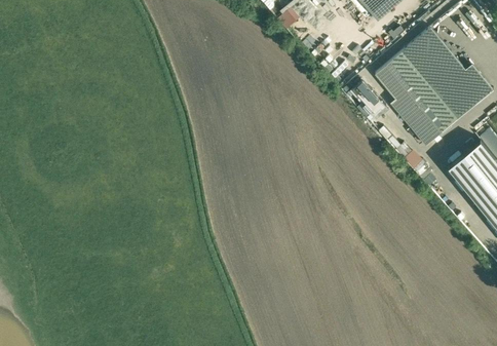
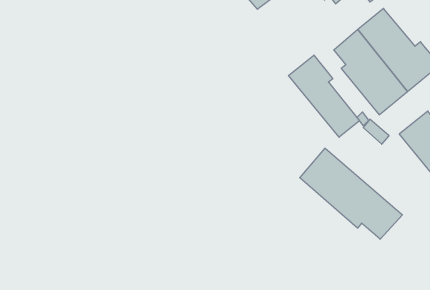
building: none -> [289,55,359,137]
building: none -> [300,148,402,239]

